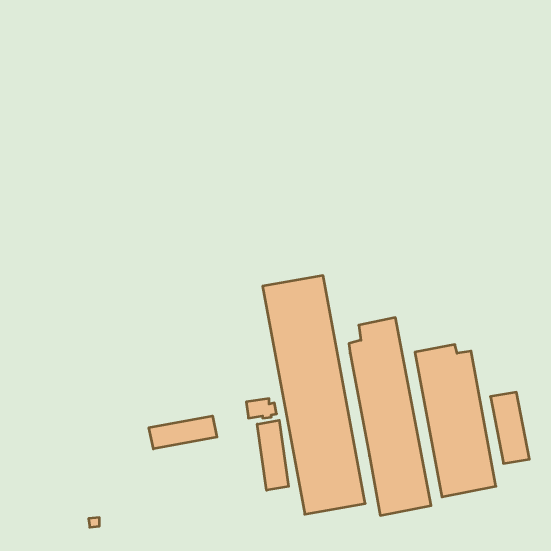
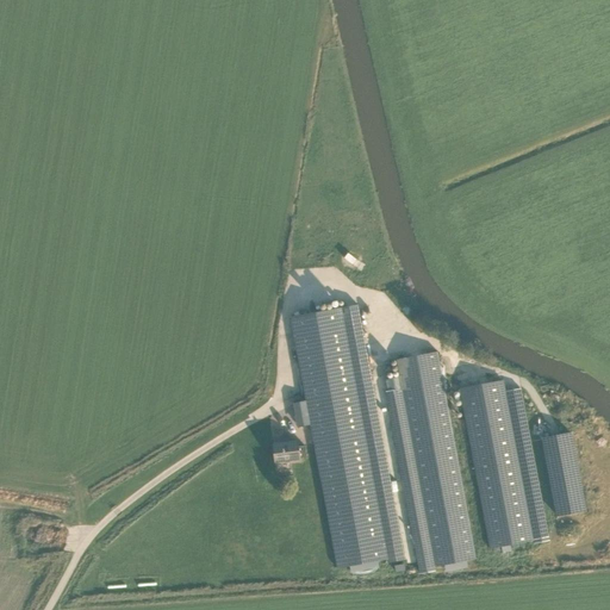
building: [149,416,217,449] -> none
building: [257,420,289,490] -> none

